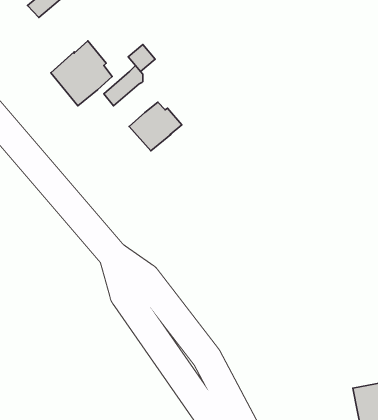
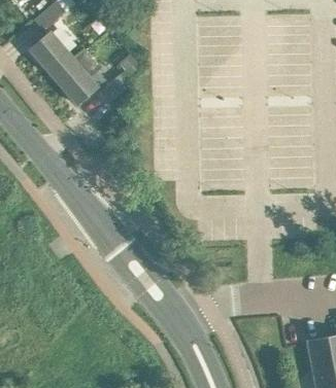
building: none -> [30,33,73,77]
building: [129,102,182,151] -> none

